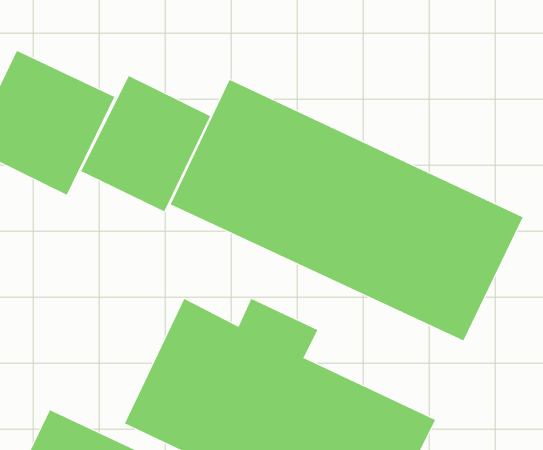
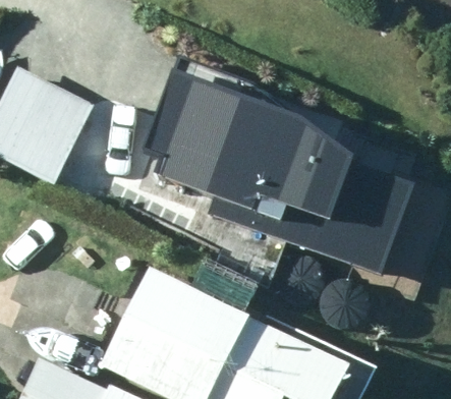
building: [80,75,211,212] -> none

